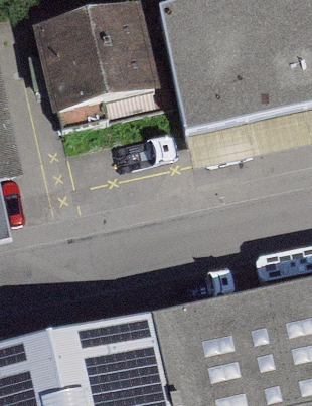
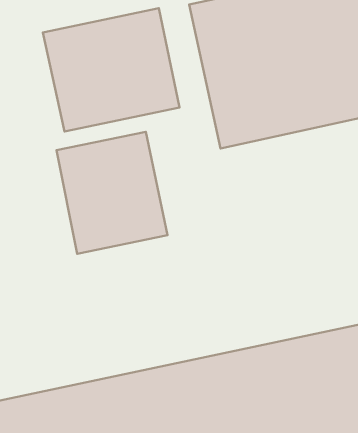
building: none -> [56,132,167,254]

